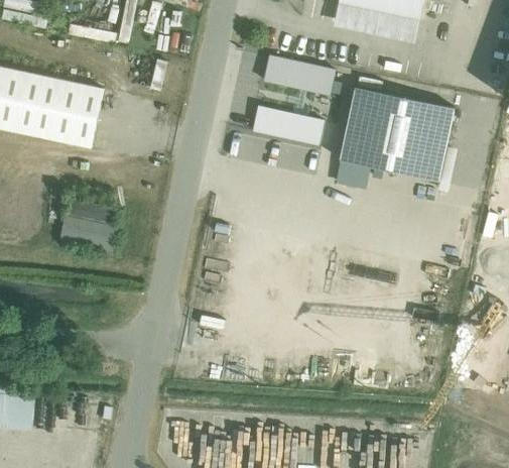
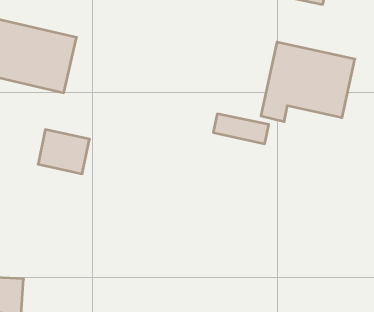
building: [264,54,335,94] -> none
building: [254,107,324,144] -> [213,114,269,144]

